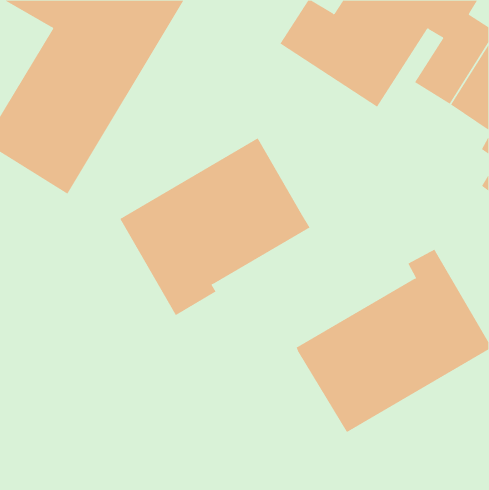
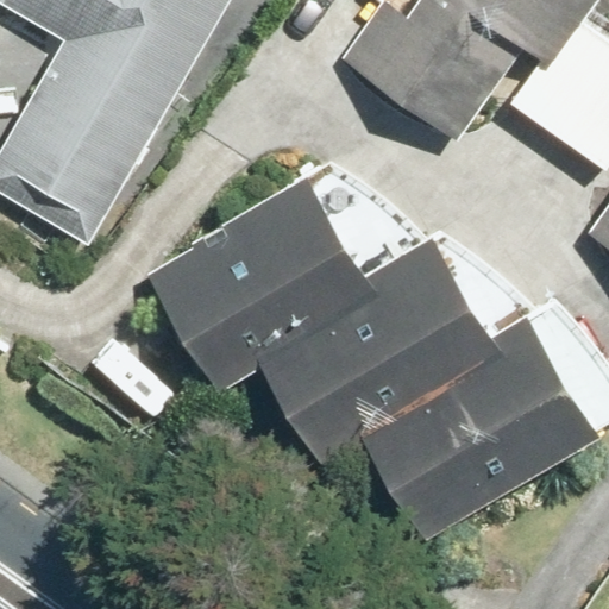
building: none -> [260,231,509,463]

